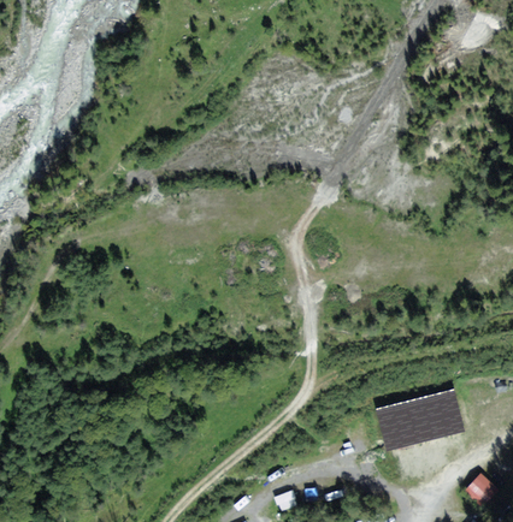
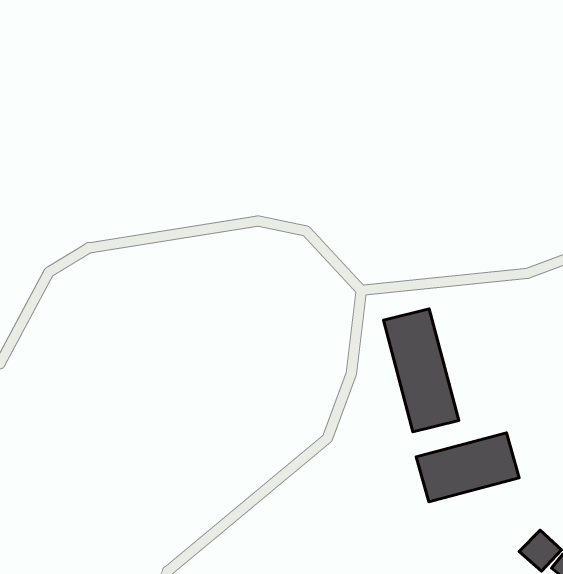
building: none -> [383,309,459,432]

